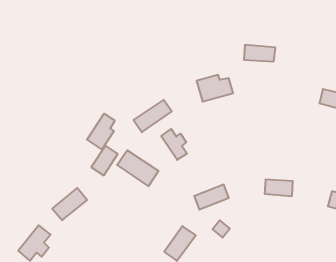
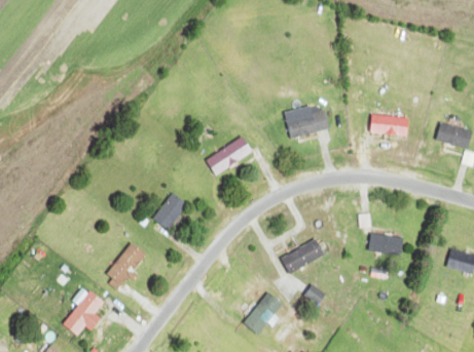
building: [244,45,275,61] -> [370,114,409,134]
building: [87,114,115,149] -> none
building: [161,129,187,160] -> none
building: [117,150,158,186] -> none

